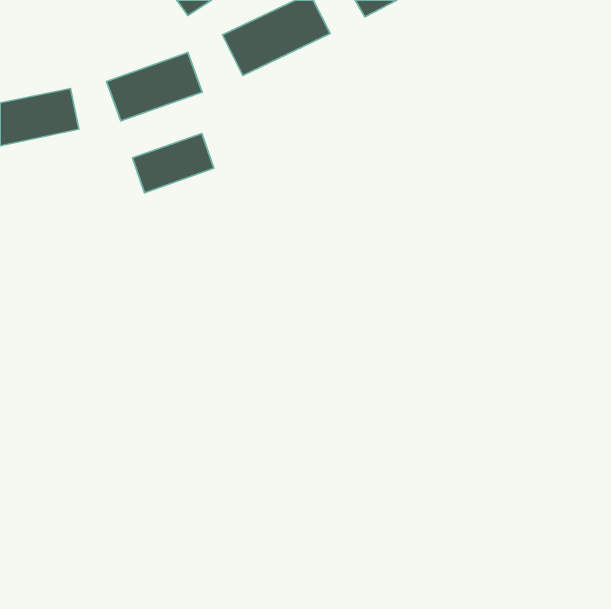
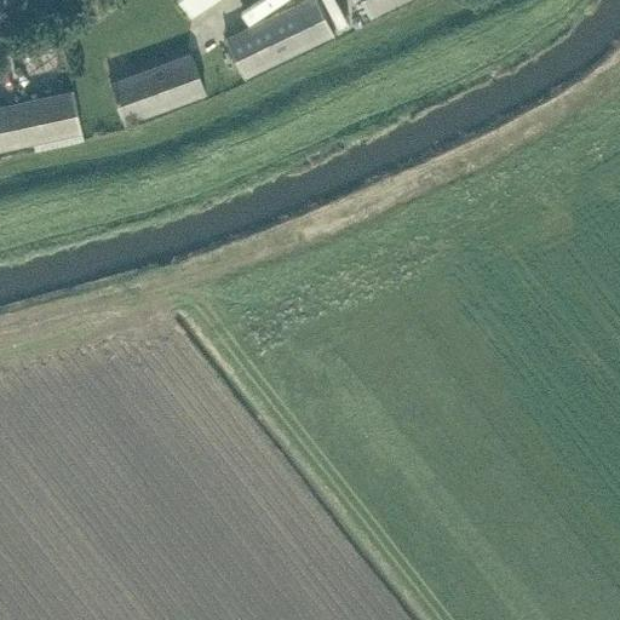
building: [133,133,214,193] -> none

